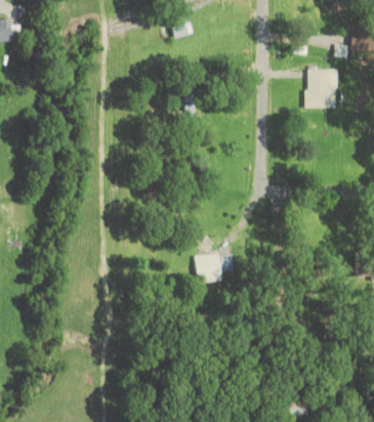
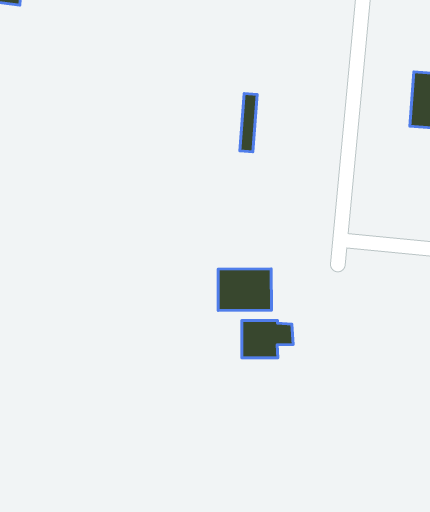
building: none -> [218,269,272,310]

